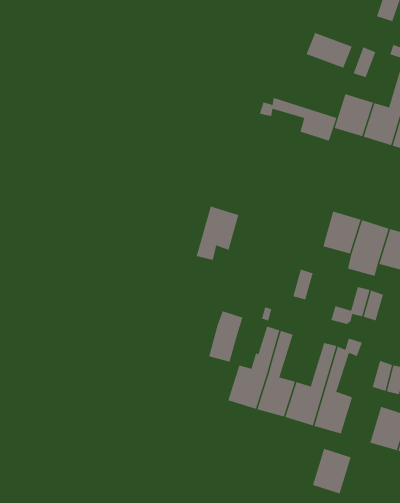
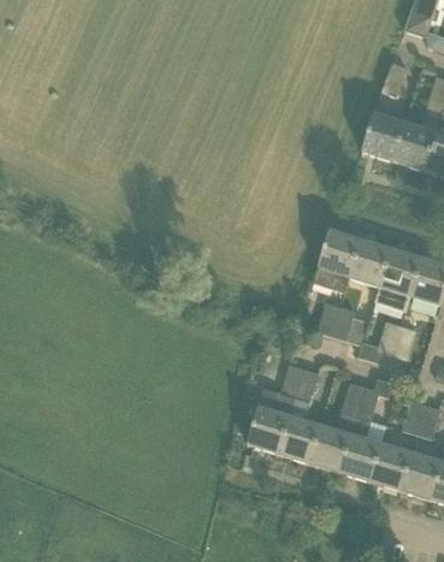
building: [306,32,352,69] -> none
building: [259,97,337,141] -> none
building: [196,206,239,261] -> [313,230,360,289]
building: none -> [331,307,368,345]
building: [208,310,243,363] -> none
building: [312,448,351,494] -> [369,440,412,490]

